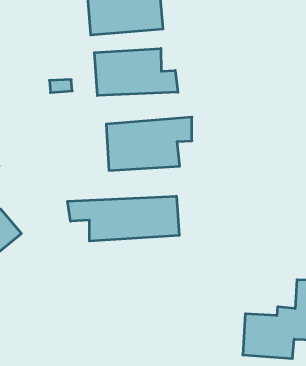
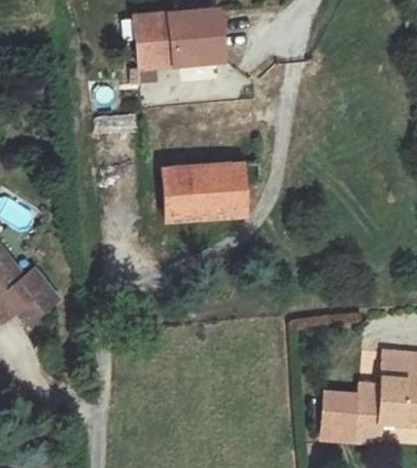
building: [94,48,178,96] -> none
building: [68,196,179,241] -> none

